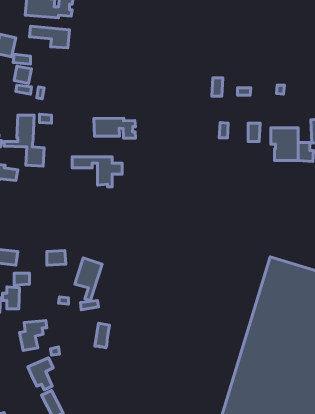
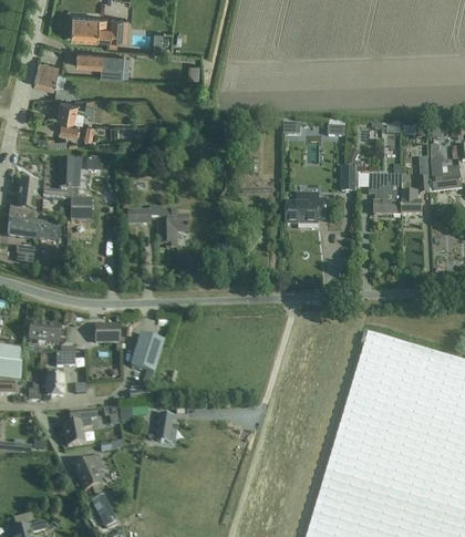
building: [94,118,135,138] -> none
building: none -> [287,193,326,221]

